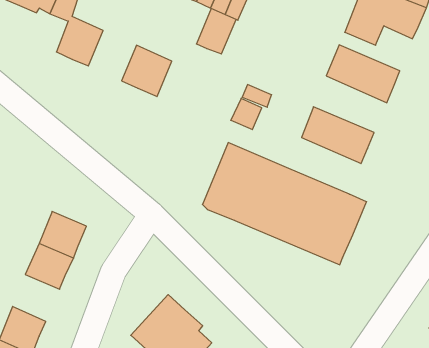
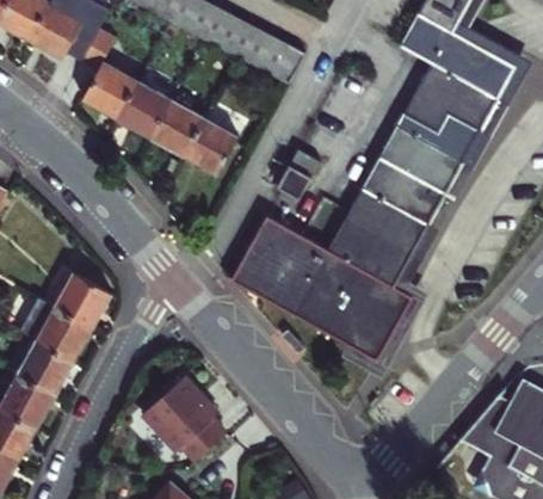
building: [196,8,236,54] -> [193,124,239,174]
building: none -> [395,105,475,155]
building: none -> [122,85,175,141]
building: none -> [362,154,442,220]
building: none -> [329,218,408,284]
building: none -> [18,341,70,394]

